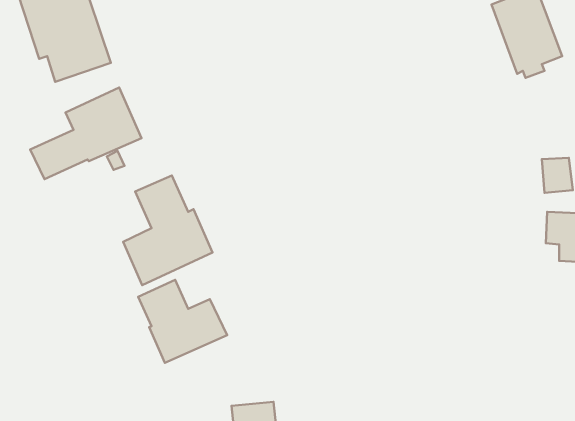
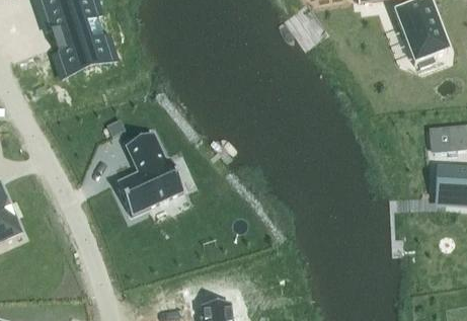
building: [30,88,141,179] -> none
building: [138,280,227,363] -> none

